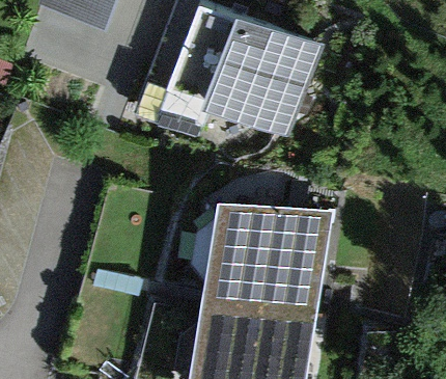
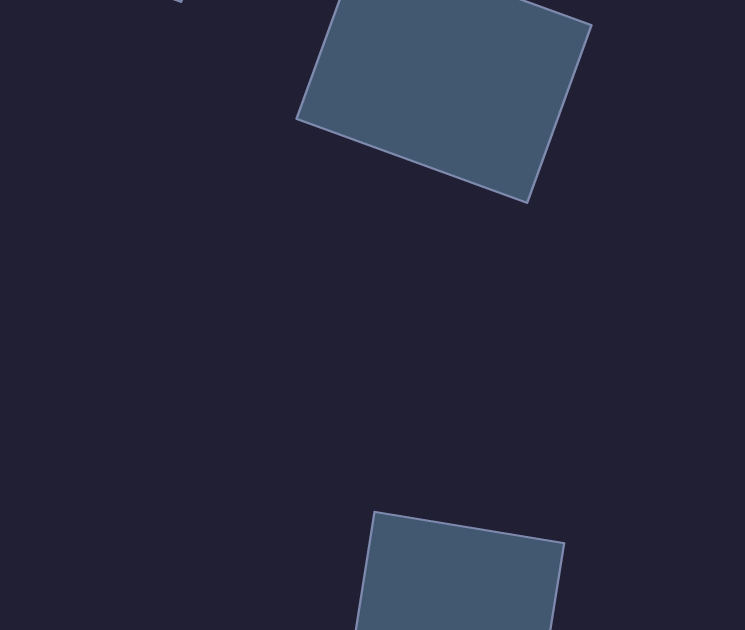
building: [205,205,323,319] -> none

